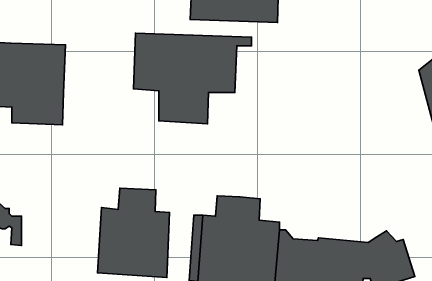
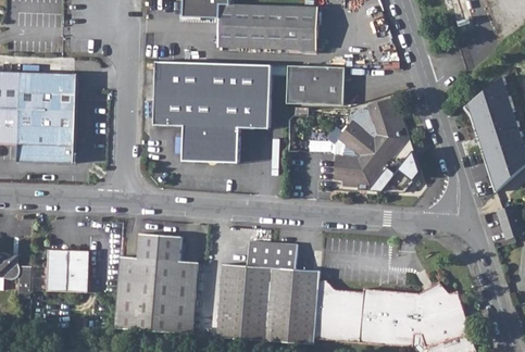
building: none -> [287,65,346,105]
building: none -> [335,101,405,185]
building: none -> [46,249,87,292]

